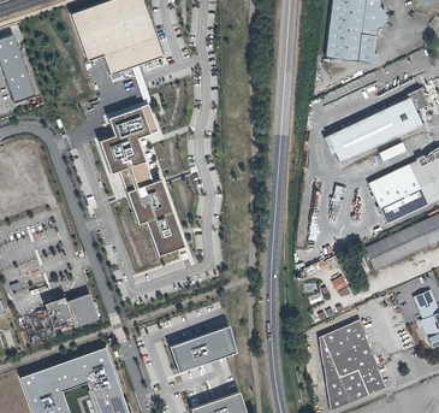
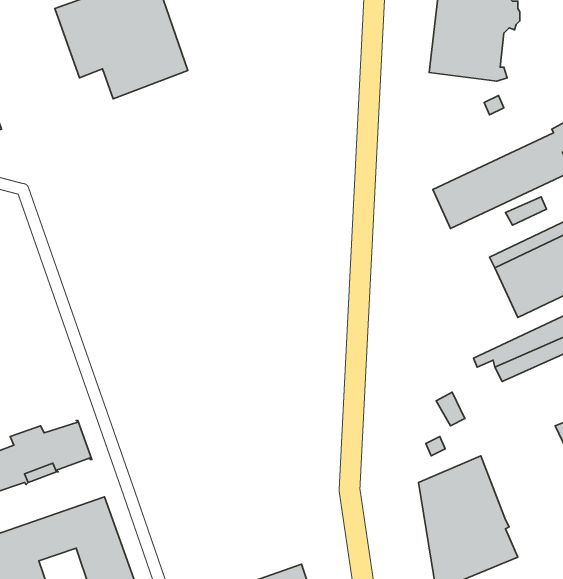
building: [100,105,185,256] -> none
building: [170,326,237,372] -> none

